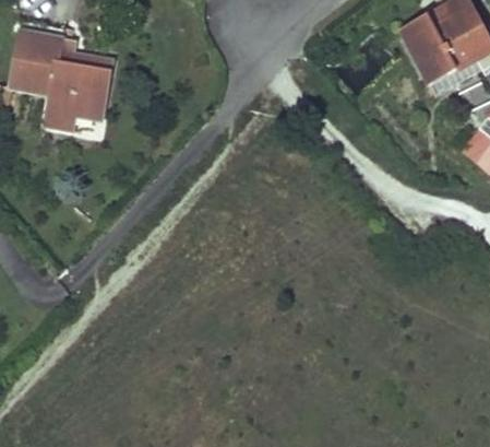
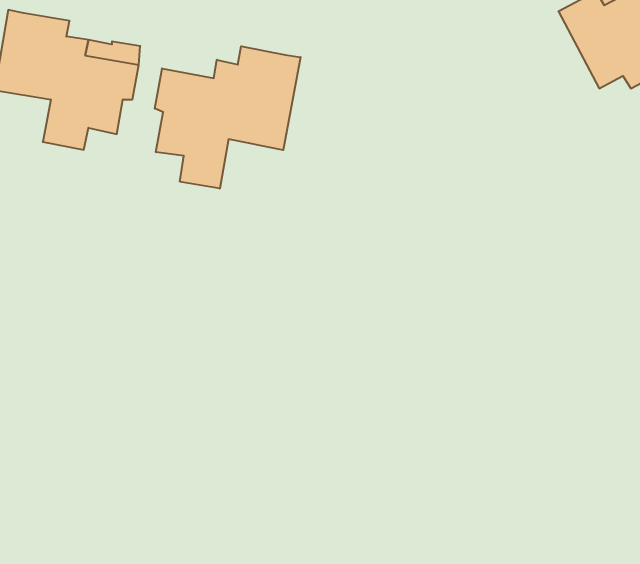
building: none -> [155,46,301,189]

